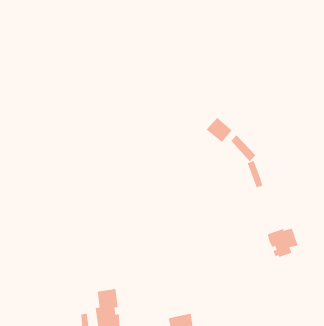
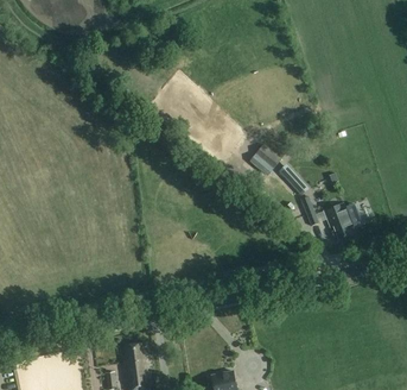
building: [267,228,299,258] -> [325,205,362,239]

